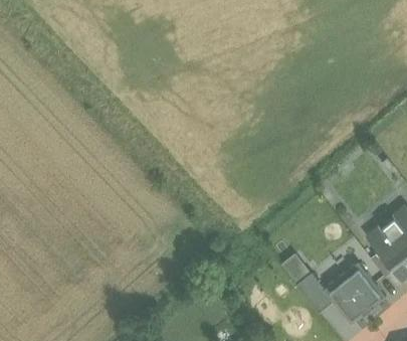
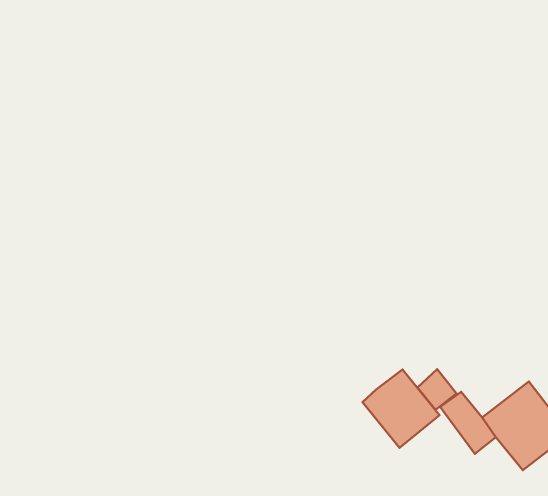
building: none -> [363,370,440,448]

